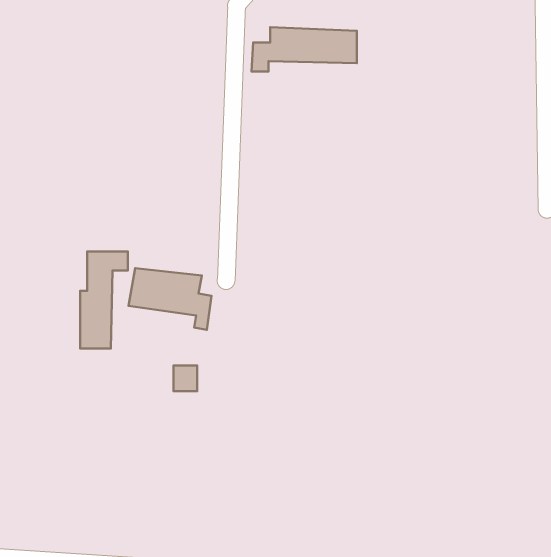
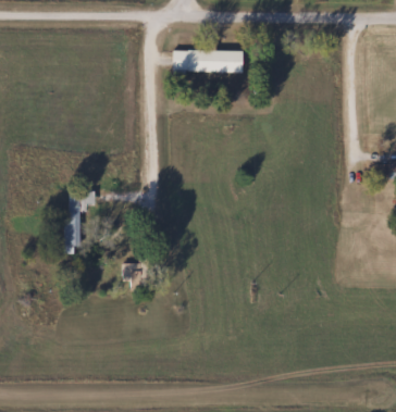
building: [128,268,212,330] -> none

